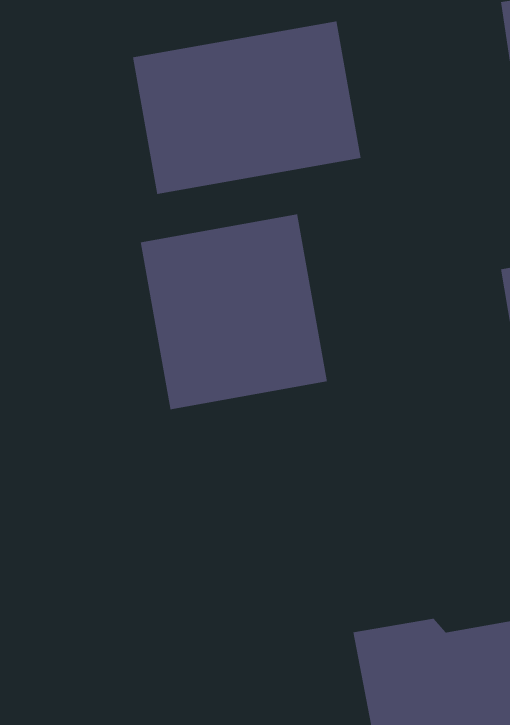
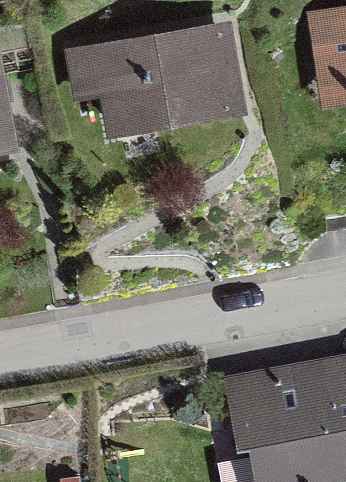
building: [140,214,328,410] -> none

